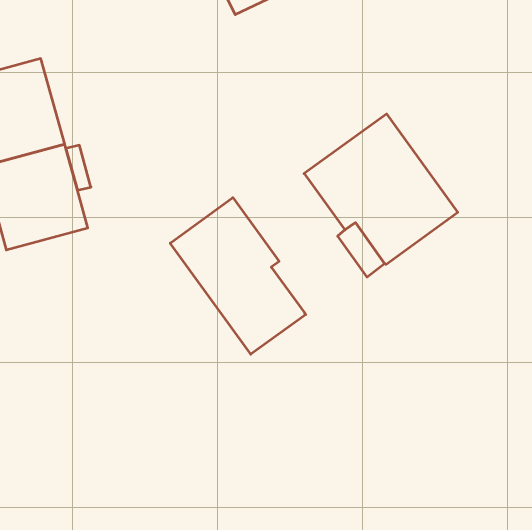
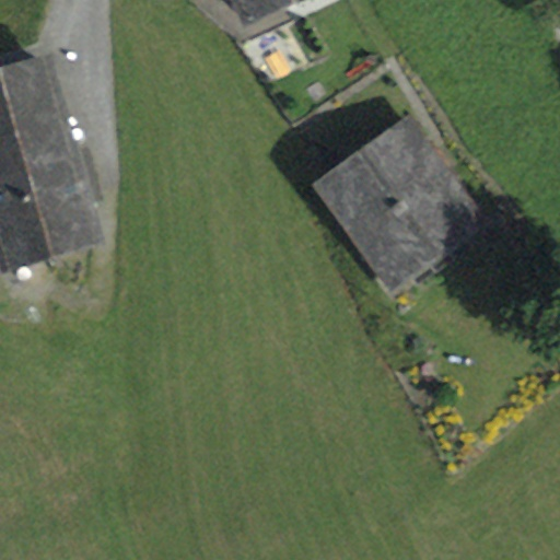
building: [170,198,306,354] -> none

